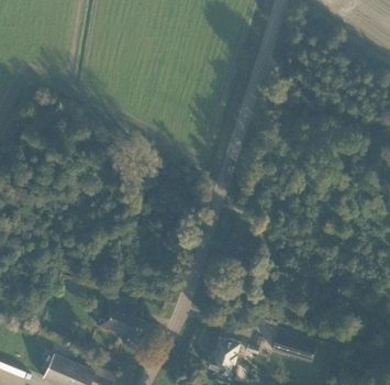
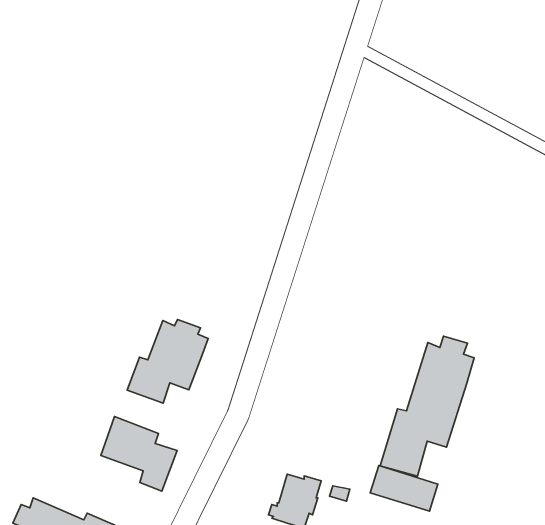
building: none -> [127,319,208,403]
building: none -> [380,336,474,476]

